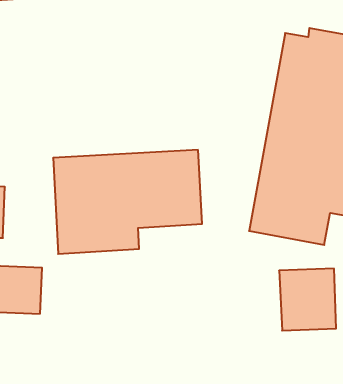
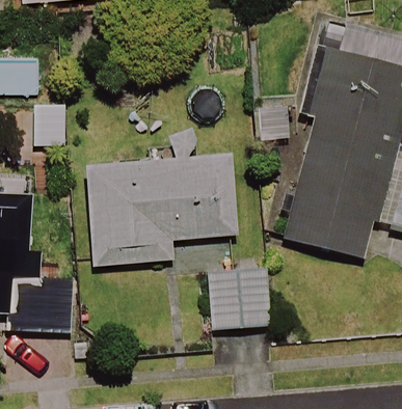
building: [279,269,336,331] -> [207,263,266,327]

